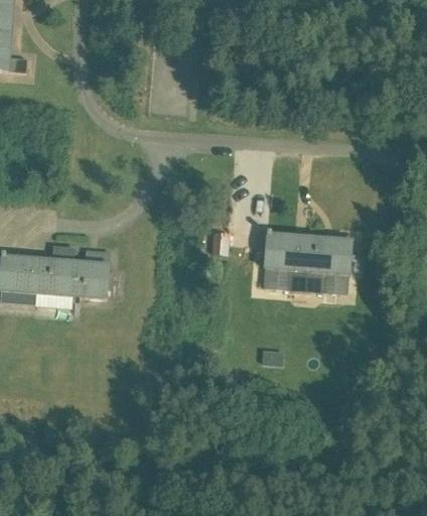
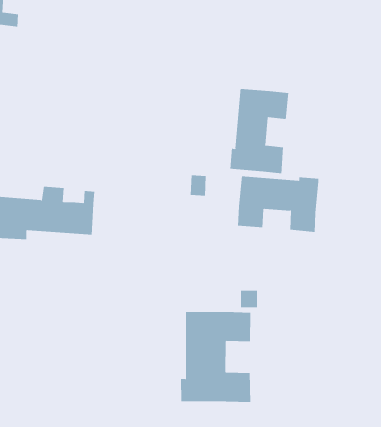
building: none -> [230,88,289,174]
building: none -> [181,311,251,403]

